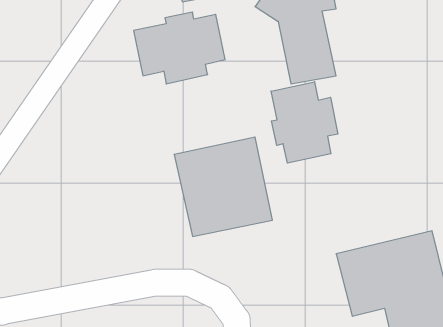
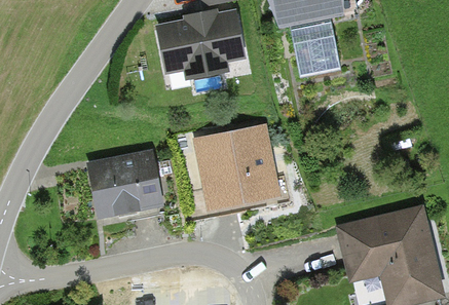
building: [271,82,338,163] -> none
building: none -> [88,151,163,219]

